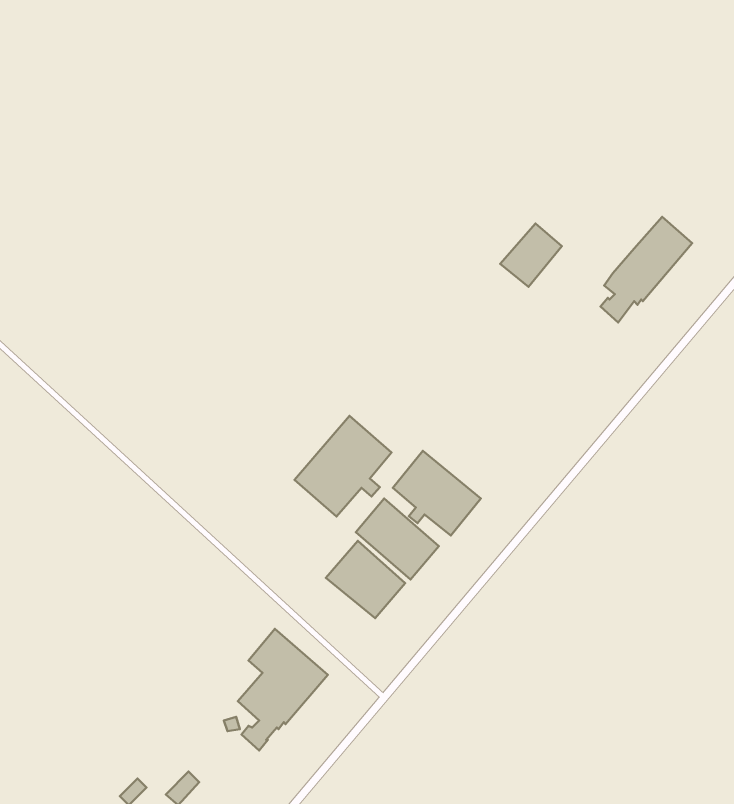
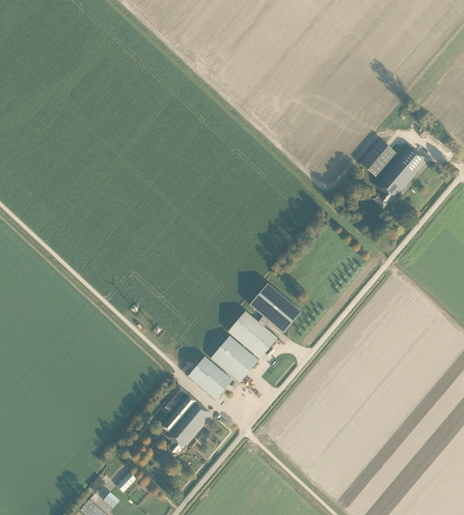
building: [500,223,562,287] -> [358,139,394,176]
building: [294,416,391,516] -> none
building: none -> [188,356,231,400]

